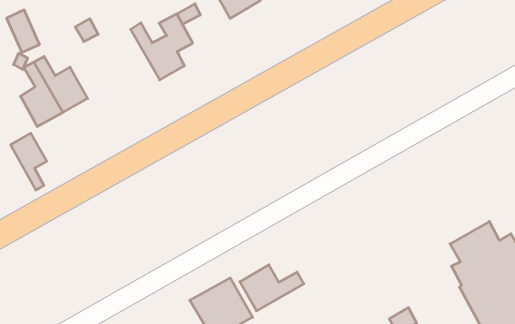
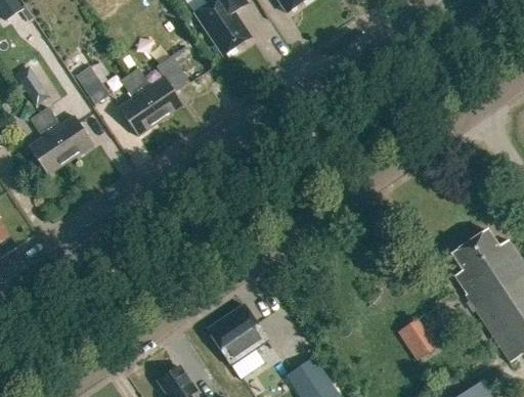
building: none -> [120,74,162,135]
building: [11,133,47,190] -> none
building: [240,265,304,311] -> none

